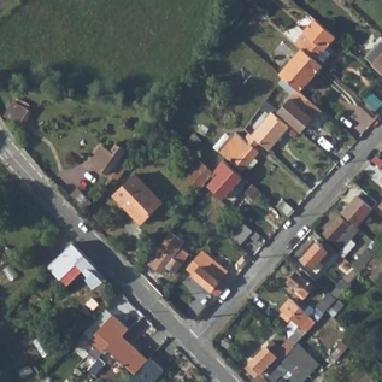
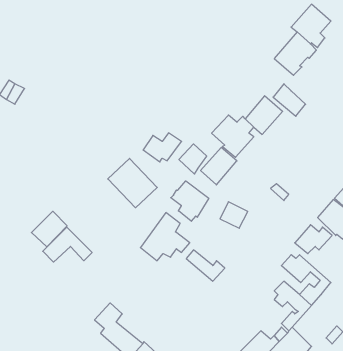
building: [90,145,129,174] -> [143,133,182,162]
building: none -> [171,181,209,221]
building: none -> [31,211,67,247]

